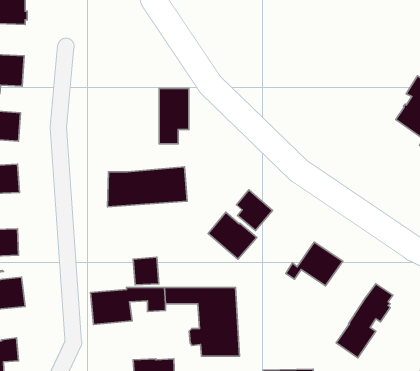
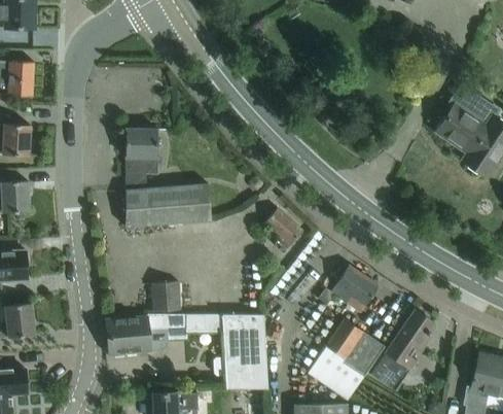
building: [159,89,189,144] -> [125,129,157,188]
building: [208,212,257,259] -> none
building: none -> [308,318,385,400]

